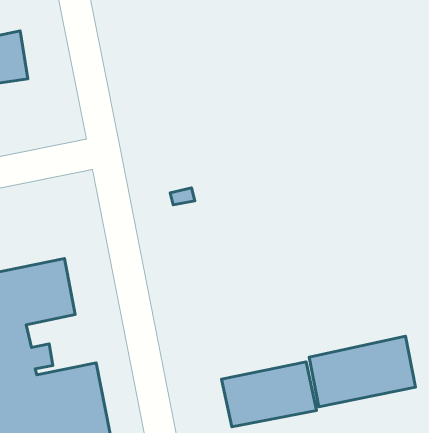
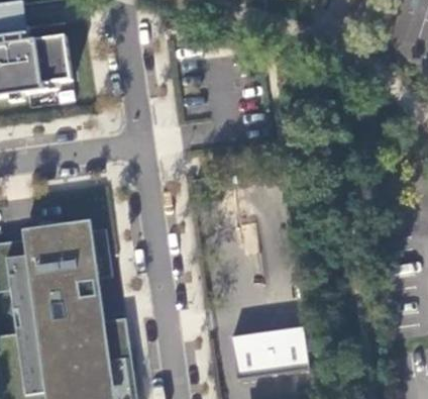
building: [309,336,416,407] -> none

